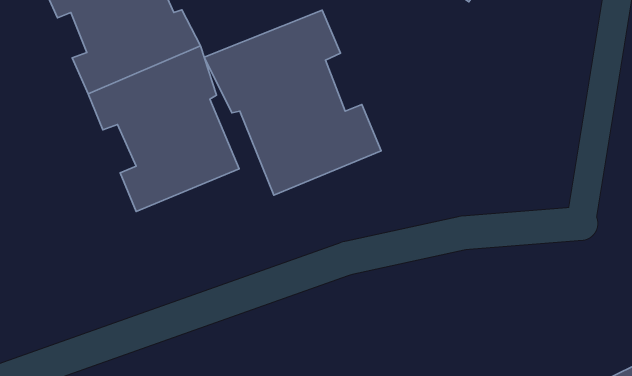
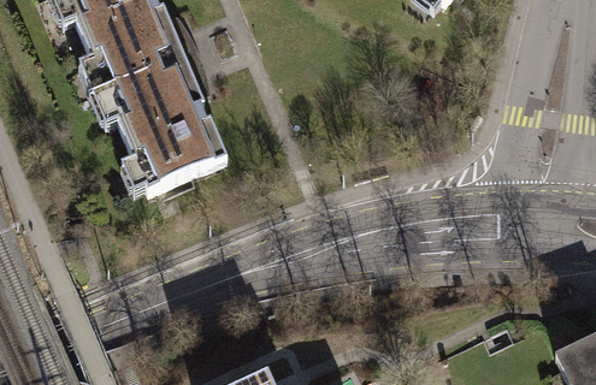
building: [204,10,381,195] -> none

